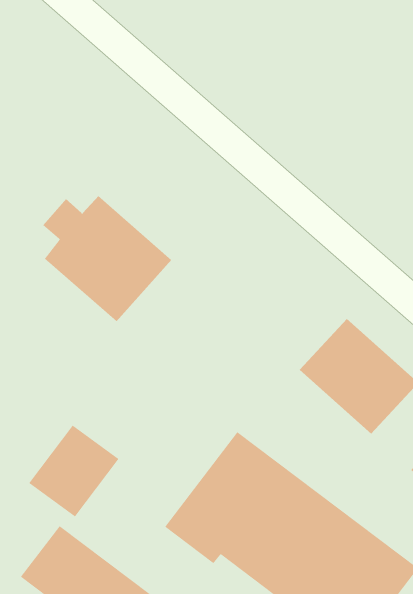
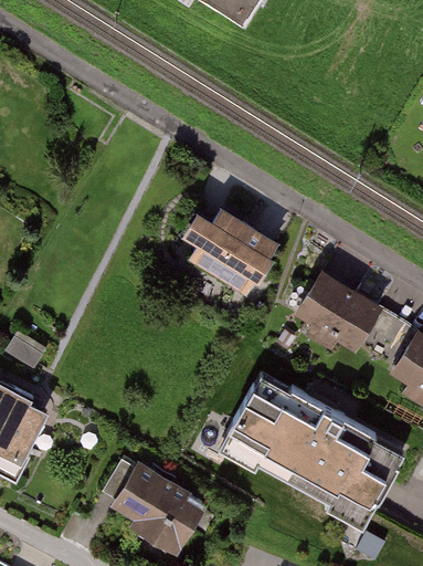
building: [42,195,172,322] -> [177,205,279,298]
building: [28,424,120,517] -> none

